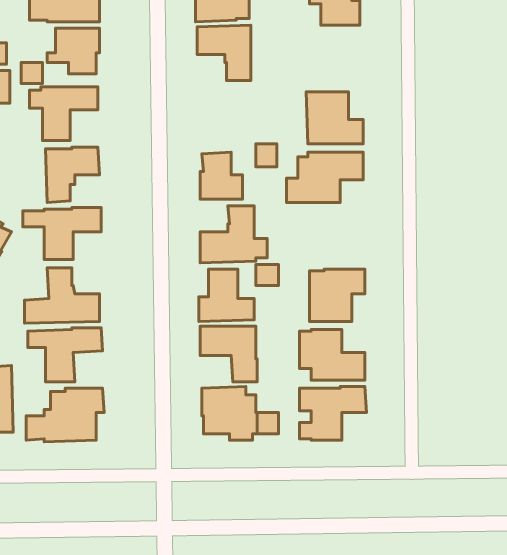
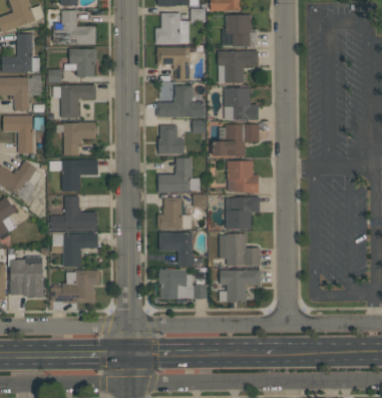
building: none -> [218,51,258,83]
building: none -> [156,86,204,118]
building: none -> [227,161,259,193]

